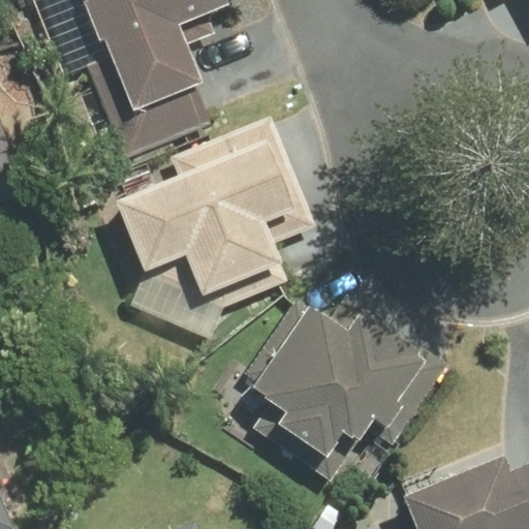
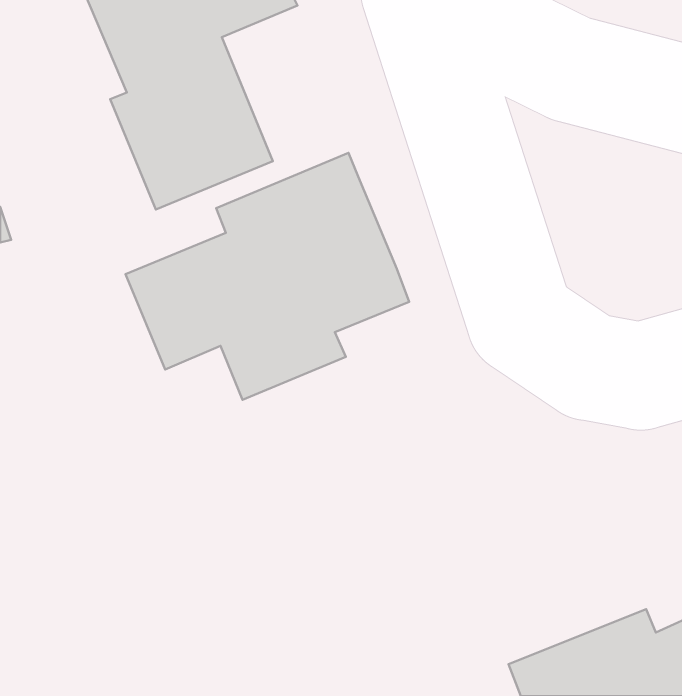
building: [242,295,430,464] -> none

